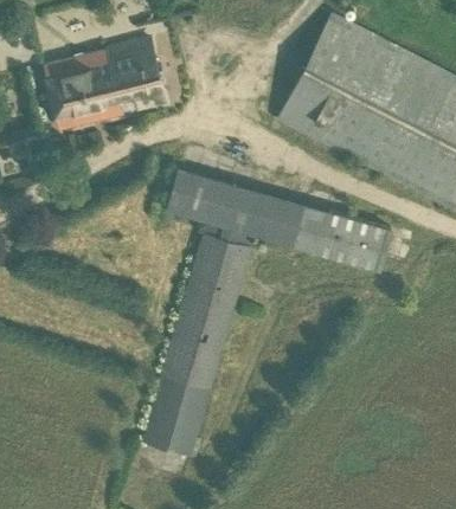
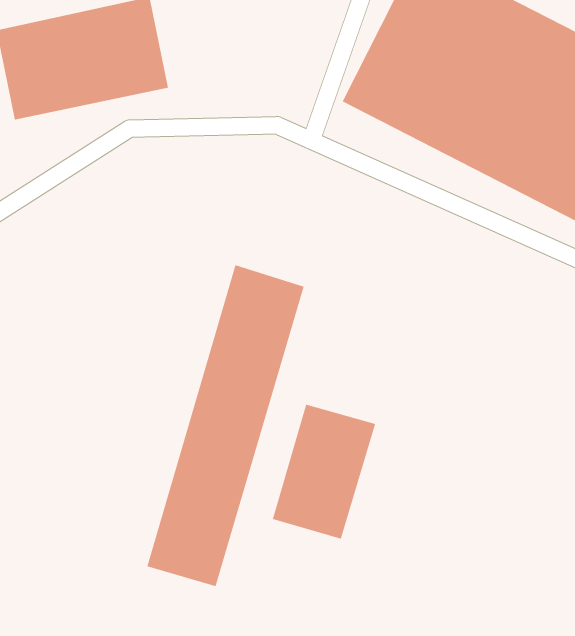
building: [168,166,396,271] -> none
building: none -> [272,404,376,539]

